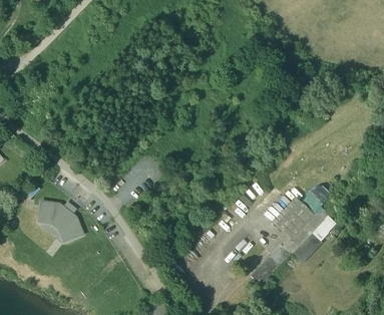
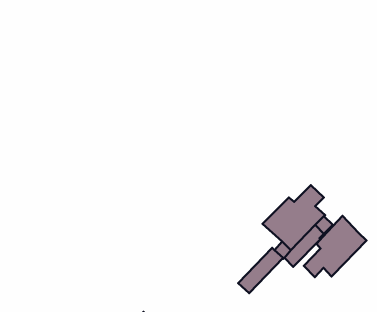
building: [37,201,81,239] -> none
building: none -> [304,216,367,277]

